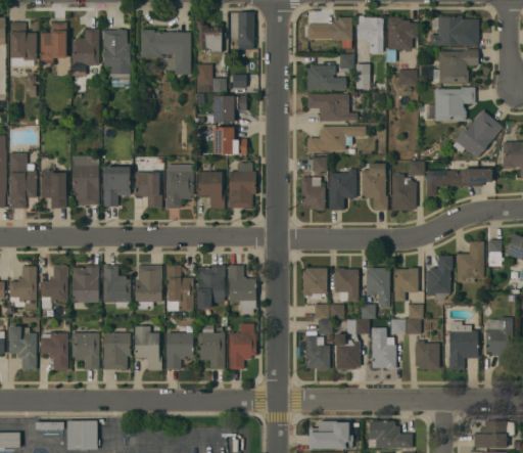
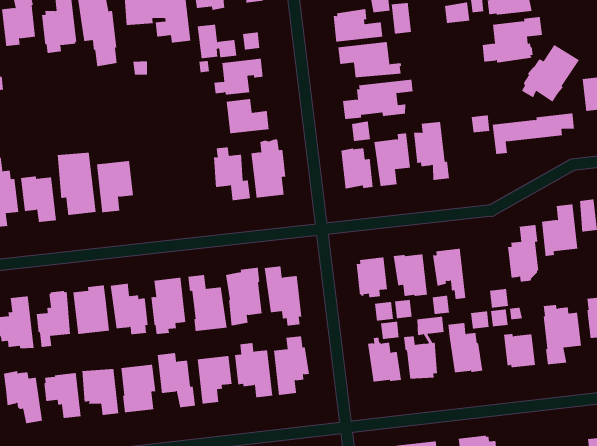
building: [167,164,193,208] -> none
building: [135,171,161,208] -> none
building: [392,174,416,210] -> none
building: [394,267,418,301] -> none

